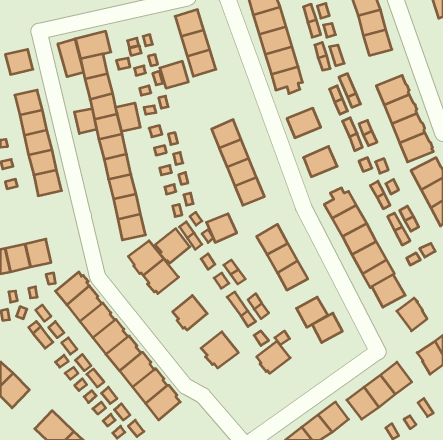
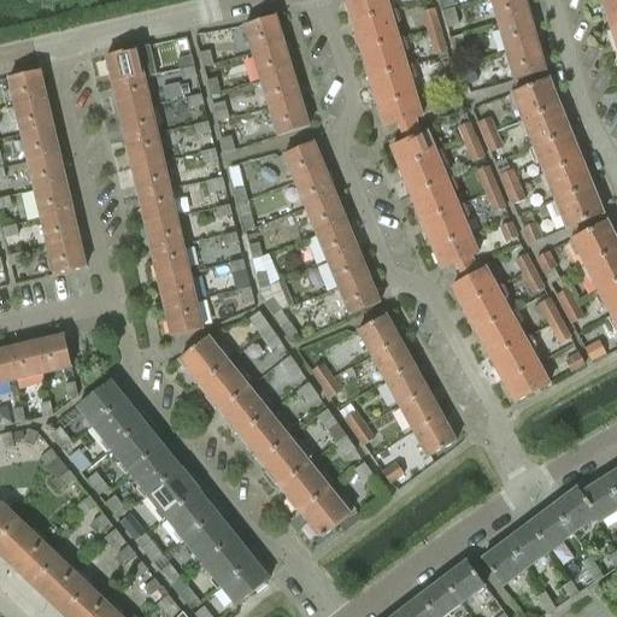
building: [58,39,84,77] -> none
building: none -> [512,77,559,119]
building: [160,61,188,88] -> [269,96,308,134]
building: none -> [14,96,52,133]
building: none -> [390,124,435,165]
building: none -> [283,140,324,180]
building: [116,103,140,131] -> none
building: [74,108,97,134] -> none
building: none -> [410,177,457,219]
building: none -> [433,231,477,269]
building: [206,214,237,242] -> [337,274,380,313]
building: [155,229,190,263] -> [219,386,268,434]
building: [372,274,405,307] -> none
building: [397,298,427,331] -> [552,486,594,531]
building: [312,313,342,343] -> [399,388,441,429]
building: none -> [260,436,308,484]
building: [257,341,290,373] -> [302,490,349,535]
building: none -> [17,542,72,597]
building: none -> [221,558,269,604]

